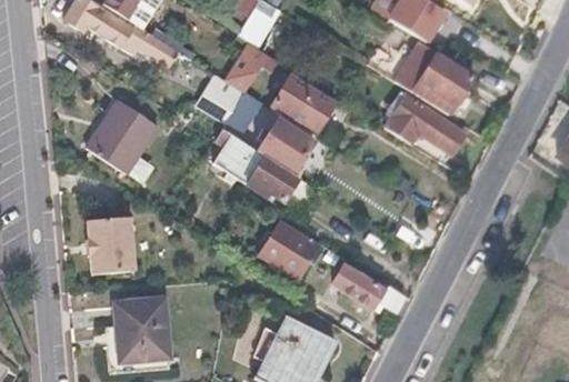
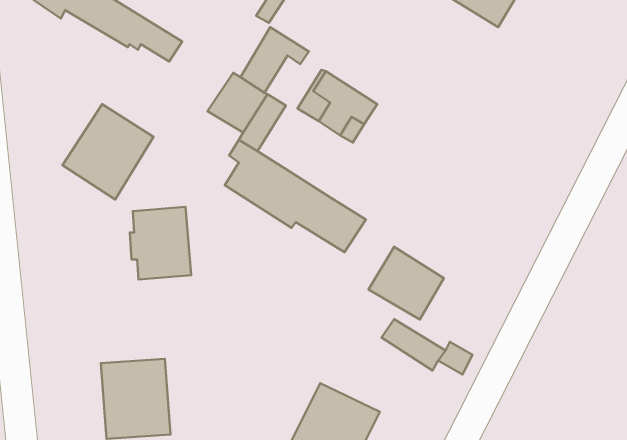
building: [395,41,473,113] -> none
building: [386,98,465,152] -> none
building: [259,118,316,173] -> none
building: [87,214,134,271] -> [130,207,191,279]
building: [258,222,317,279] -> [369,247,444,319]

